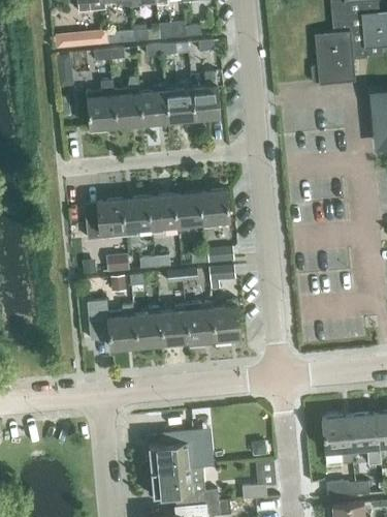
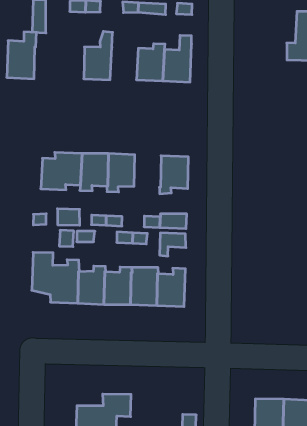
building: [87,81,117,128] -> [7,32,37,79]
building: [140,85,168,124] -> none
building: [175,192,204,232] -> none

